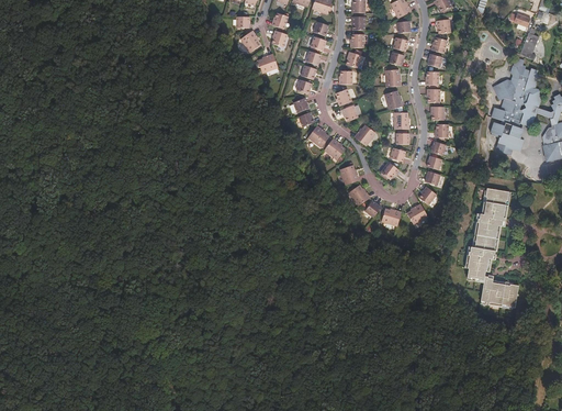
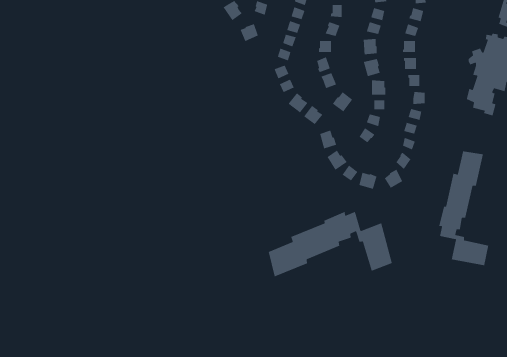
building: none -> [268,211,393,277]

